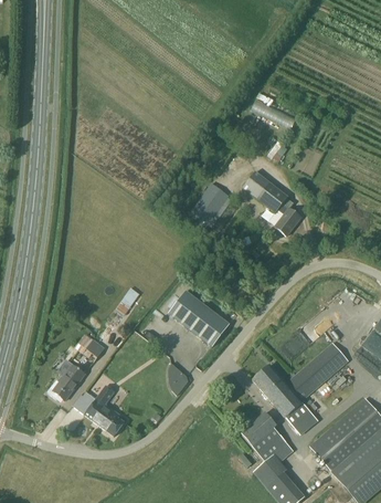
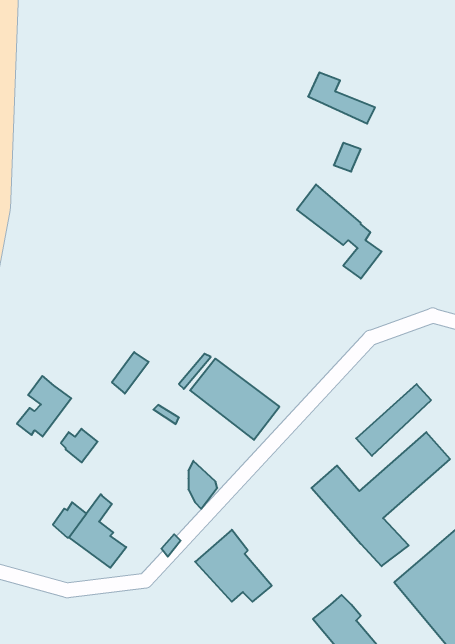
building: [191,182,230,224] -> none
building: [47,358,85,400] -> [17,376,71,437]
building: [241,411,294,461] -> [195,530,272,602]

